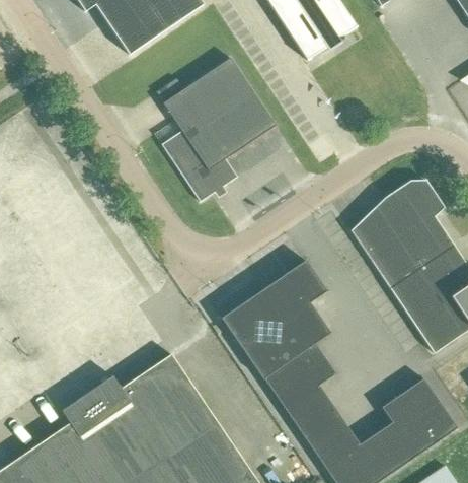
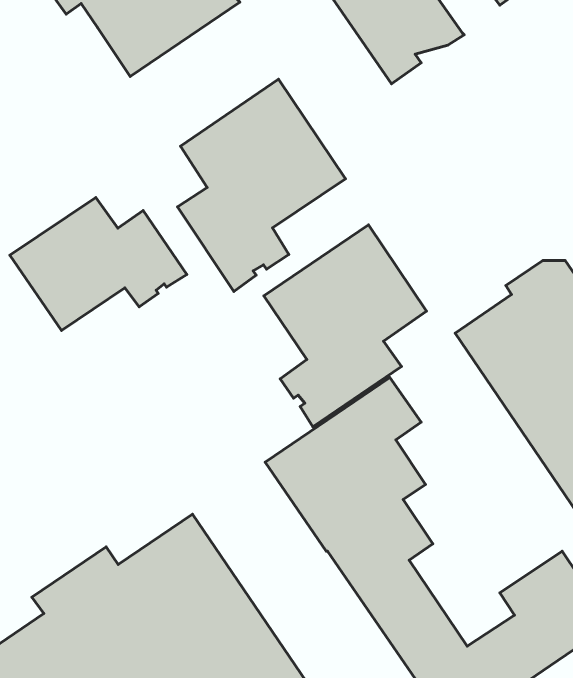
building: none -> [10,198,187,331]
building: none -> [264,225,426,427]

